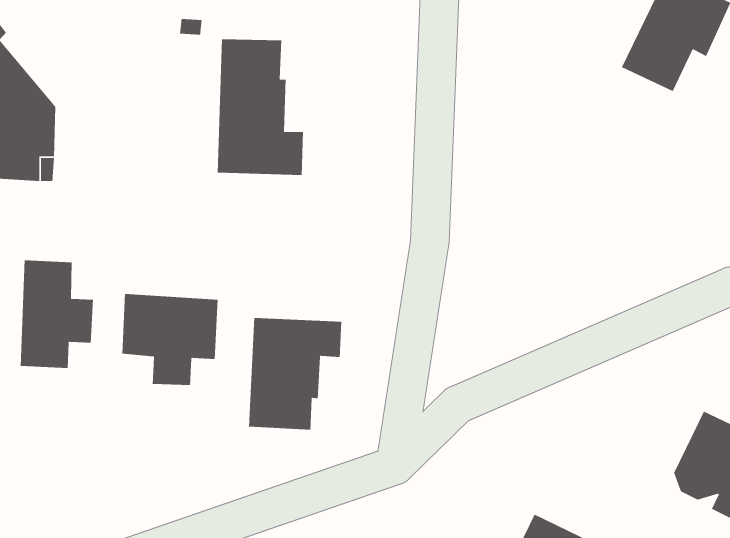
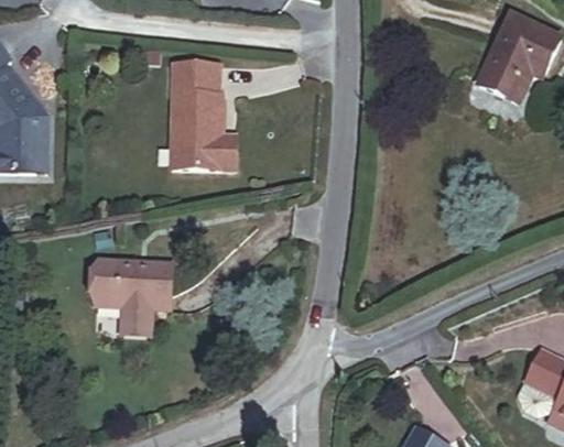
building: [20,260,94,369] -> none
building: [248,317,342,431] -> none

